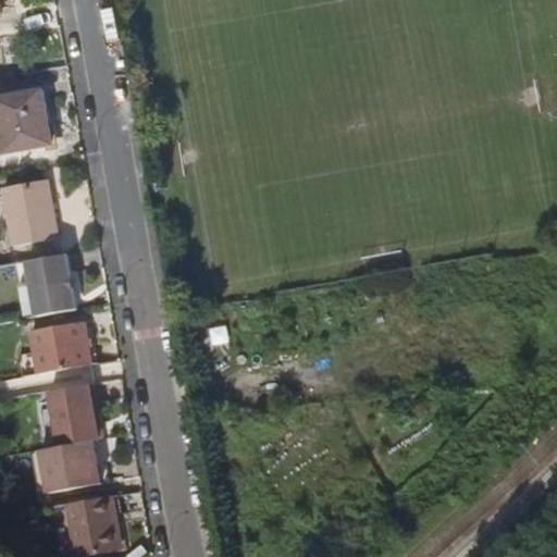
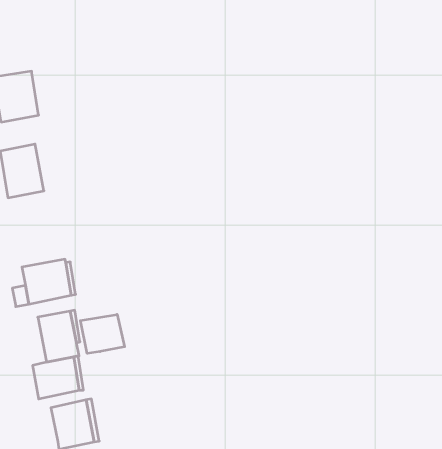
building: [24,252,73,315] -> none
building: none -> [80,314,125,353]

